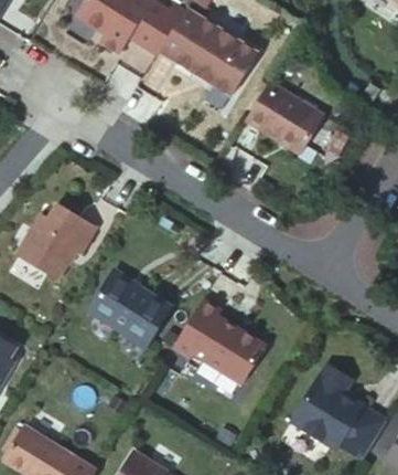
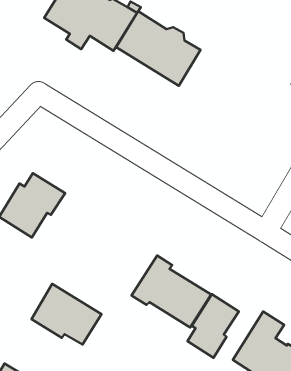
building: [246,81,323,154] -> none
building: [89,271,171,341] -> [31,284,102,345]
building: none -> [187,294,239,358]

